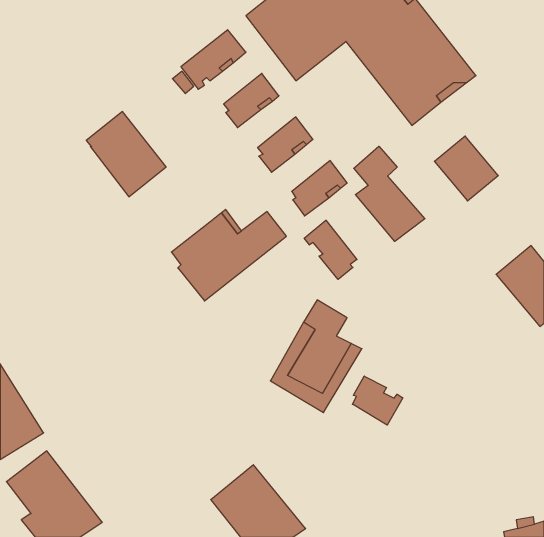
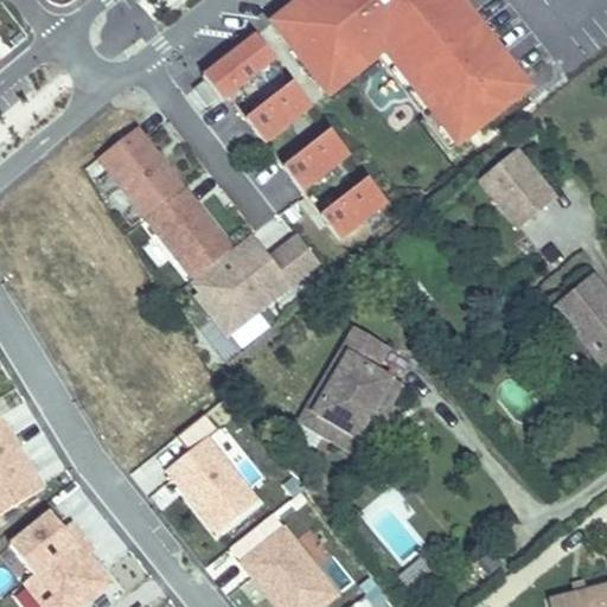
building: [354,146,425,241] -> none
building: none -> [143,186,234,281]
building: [304,220,357,279] -> none
building: none -> [165,413,258,531]
building: [352,376,403,425] -> none

